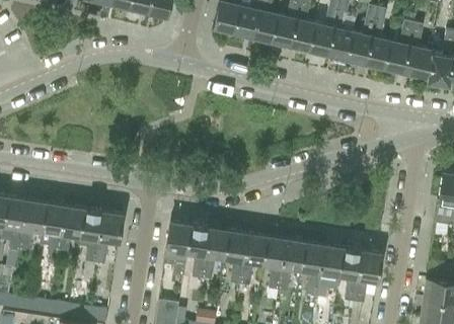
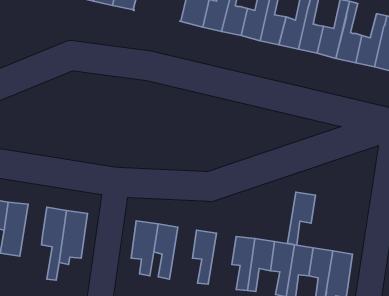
building: [57,206,83,257] -> none
building: [203,228,229,279] -> none
building: [240,234,268,286] -> [287,192,315,245]

